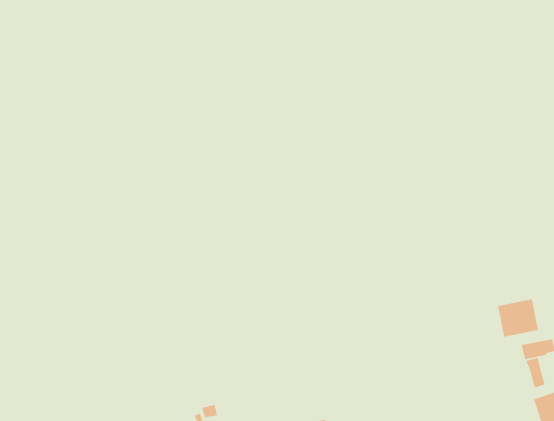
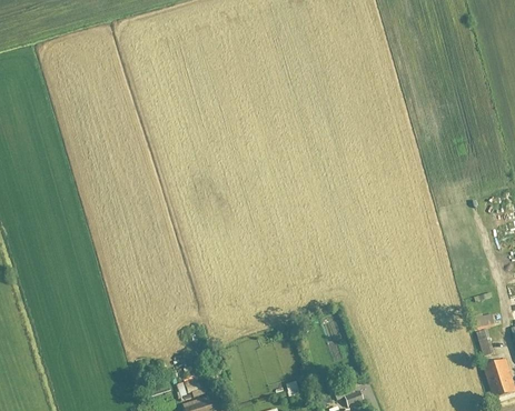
building: [498,299,539,338] -> none

